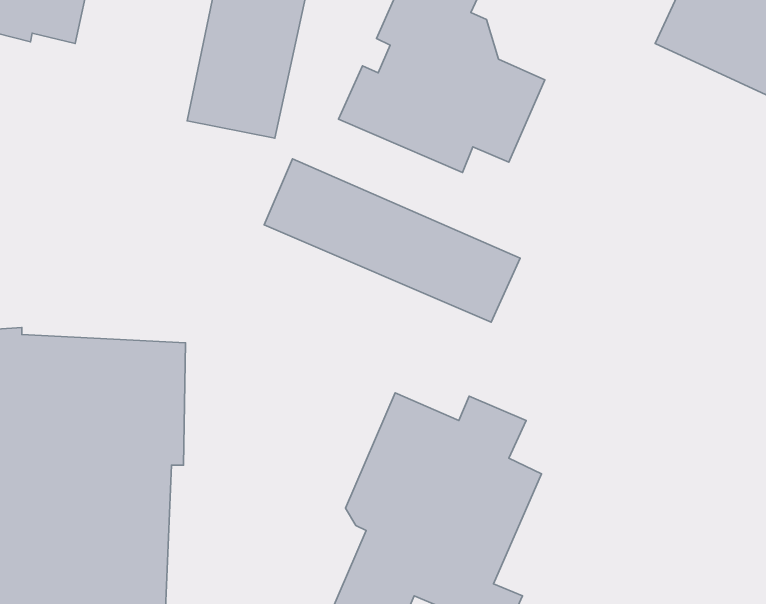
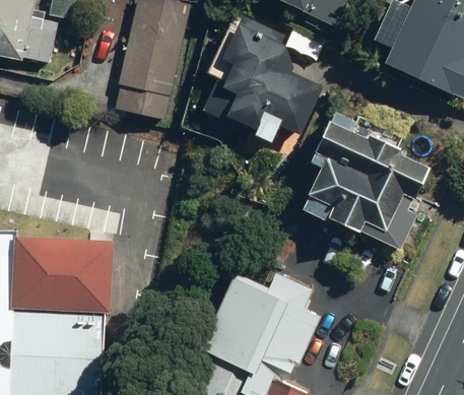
building: none -> [304,105,433,250]
building: [264,159,520,322] -> none

